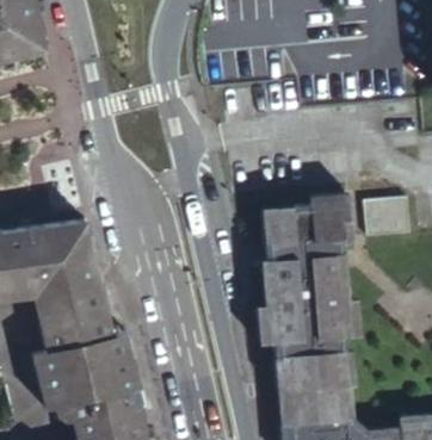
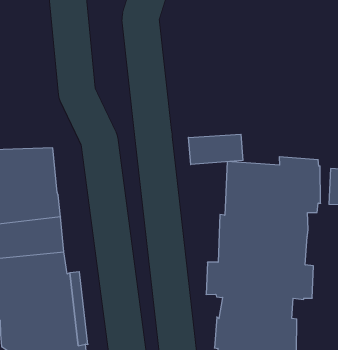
building: none -> [188,134,243,165]

